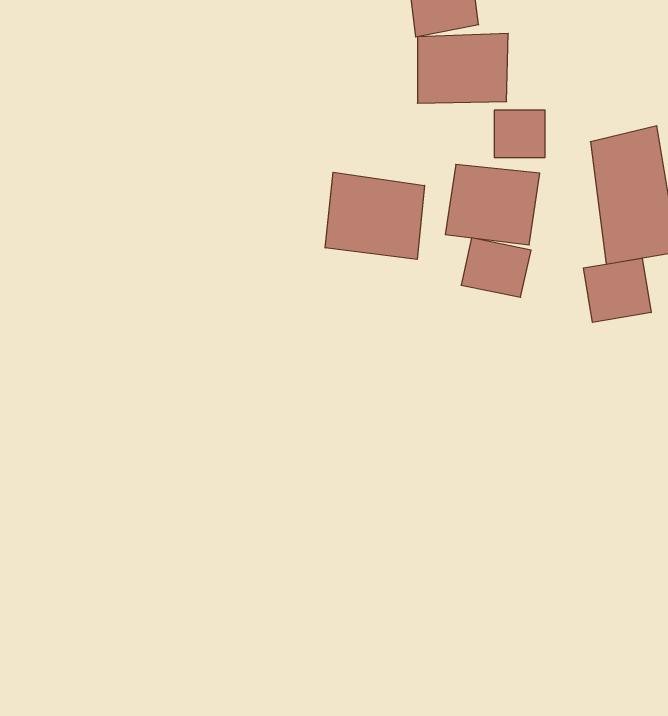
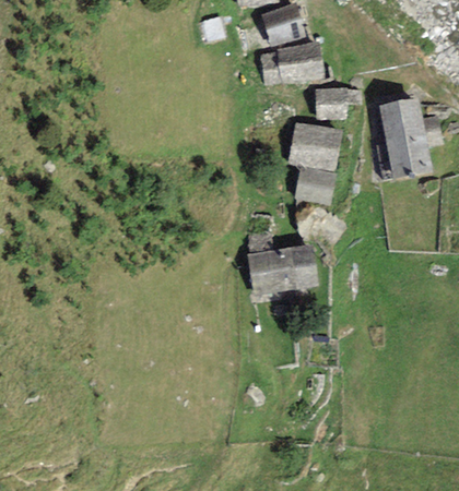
building: [325,172,424,259] -> none
building: [584,258,651,322] -> none
building: none -> [251,241,315,299]

